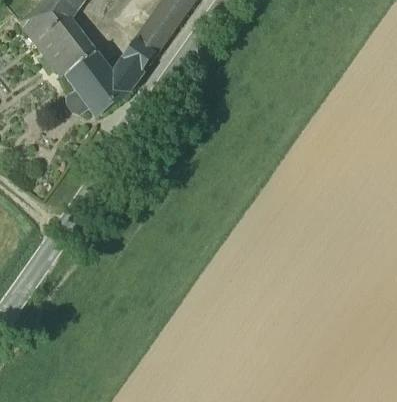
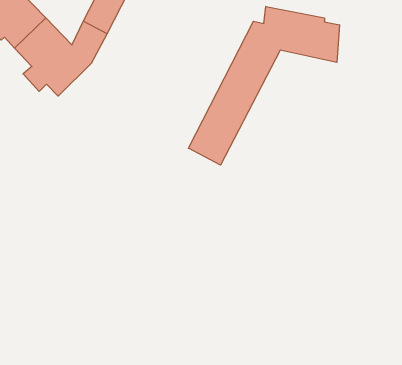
building: none -> [188,6,339,165]

